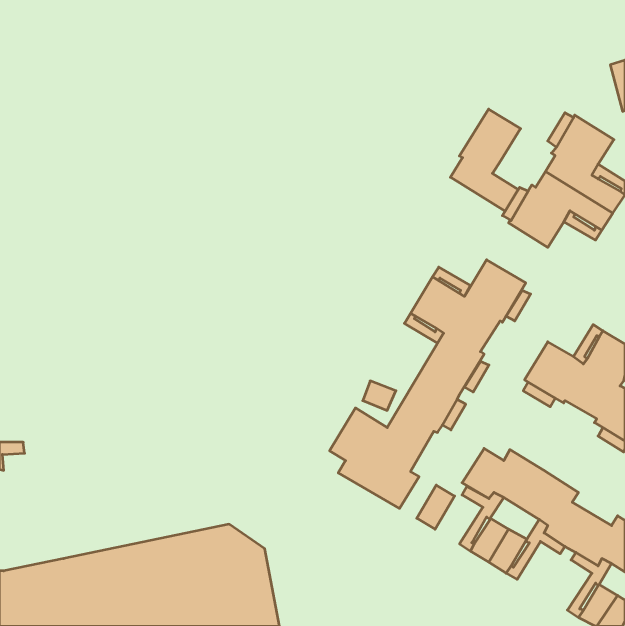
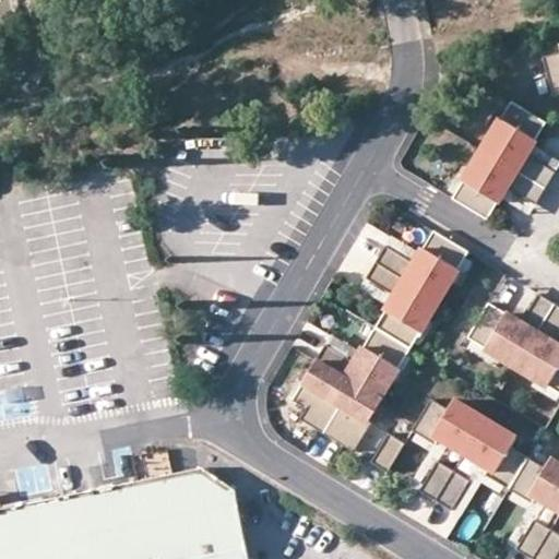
building: [450,109,521,211] -> none

